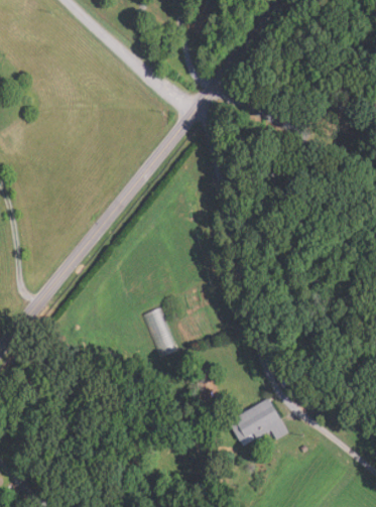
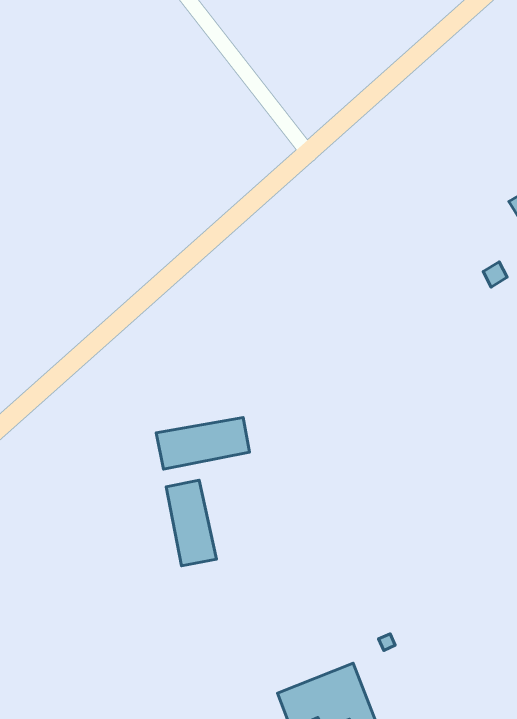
building: none -> [156,417,249,469]

